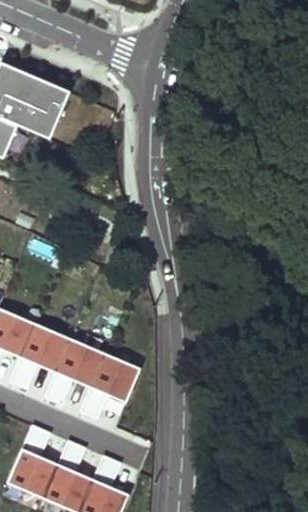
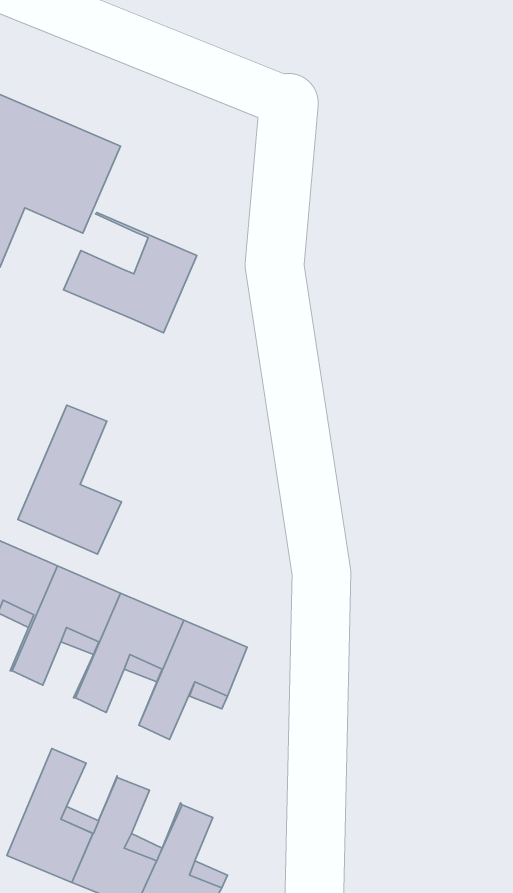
building: none -> [64,212,197,333]
building: none -> [18,405,121,554]

